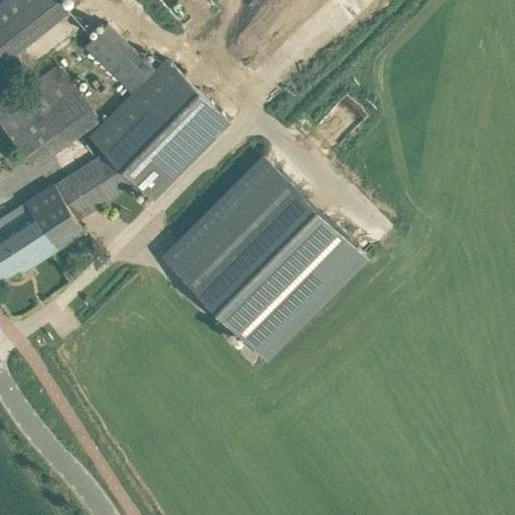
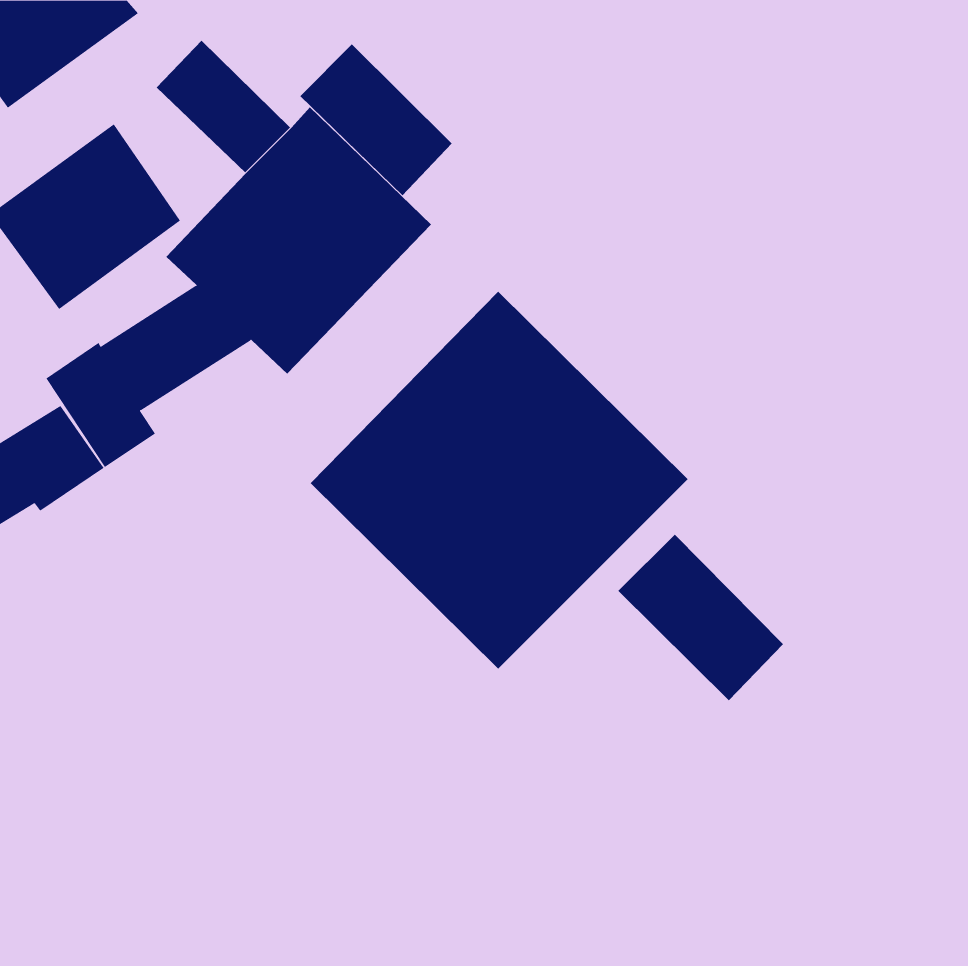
building: none -> [300,43,453,196]
building: none -> [617,534,784,701]

